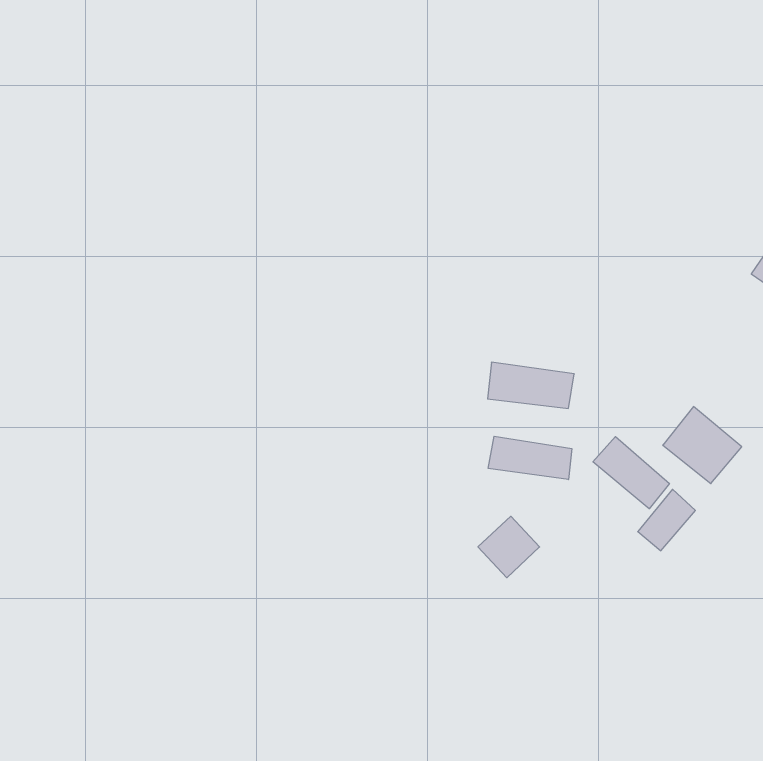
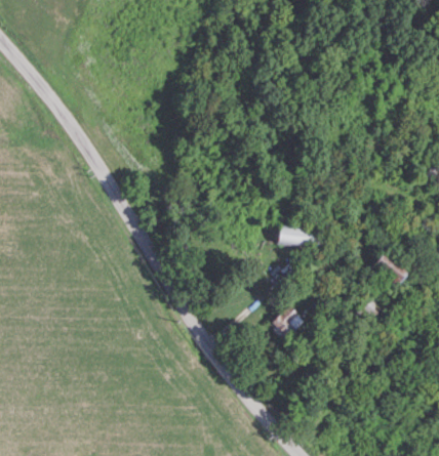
building: [488,436,572,480] -> none
building: [593,437,669,509] -> none

